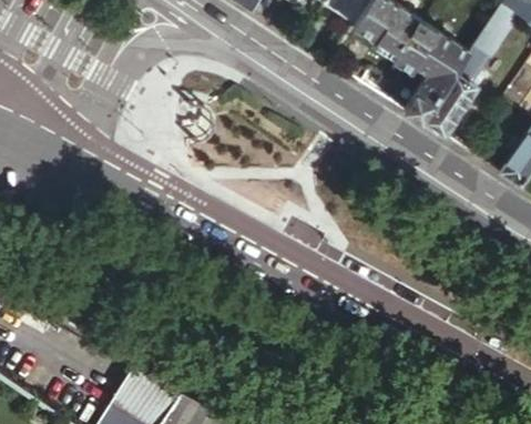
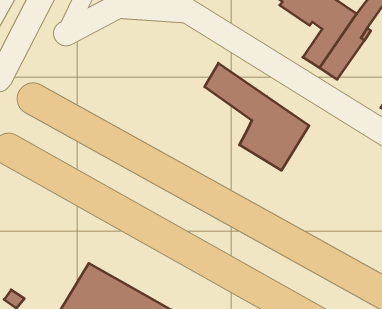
building: none -> [205,63,309,170]

